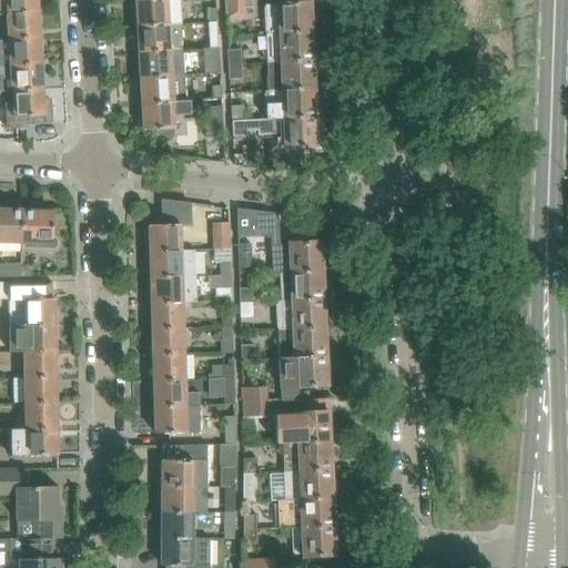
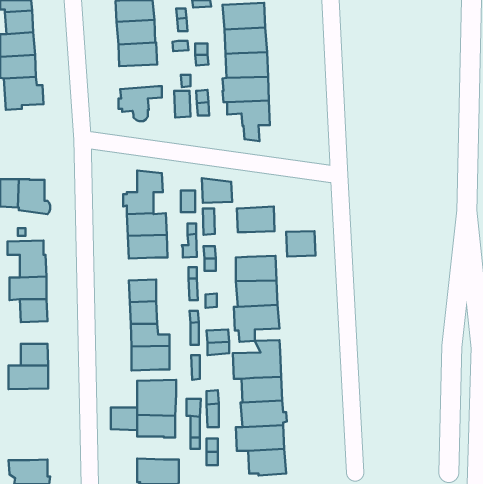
building: [135,75,186,104] -> none
building: [290,271,324,301] -> [286,231,316,257]
building: [152,302,184,328] -> none
building: [26,376,57,403] -> none
building: [8,487,61,539] -> none
building: [162,511,193,538] -> [111,407,137,430]

